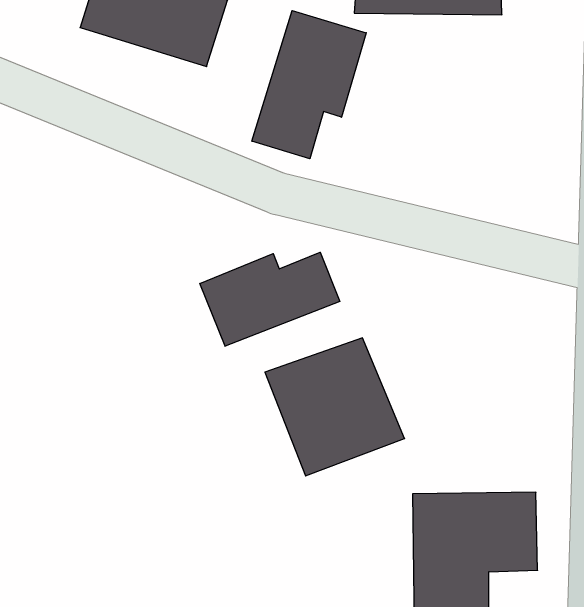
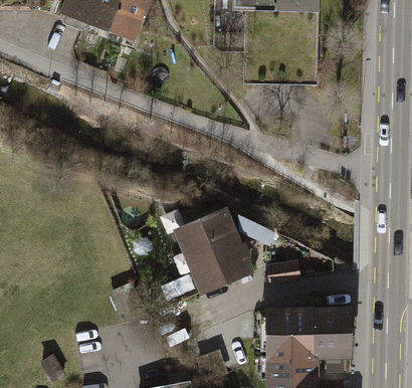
building: [252,11,366,159] -> none
building: [200,252,340,346] -> none

